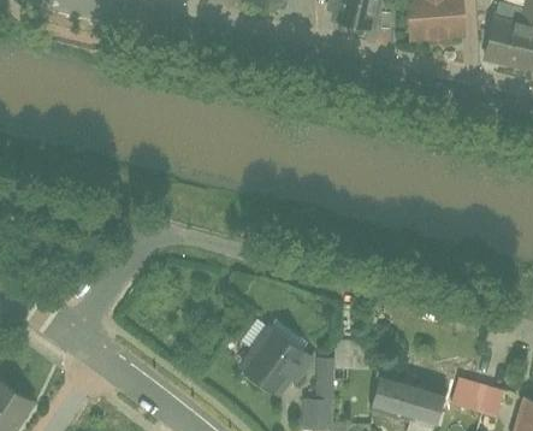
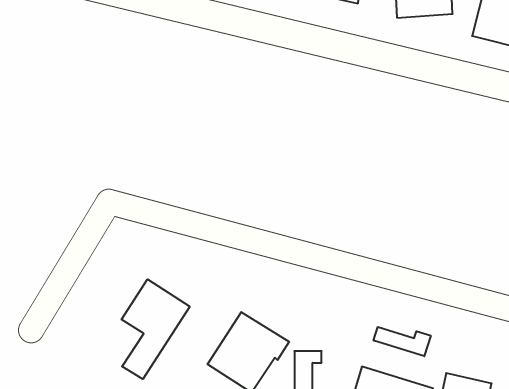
building: none -> [122,279,190,379]
building: none -> [374,327,431,356]

